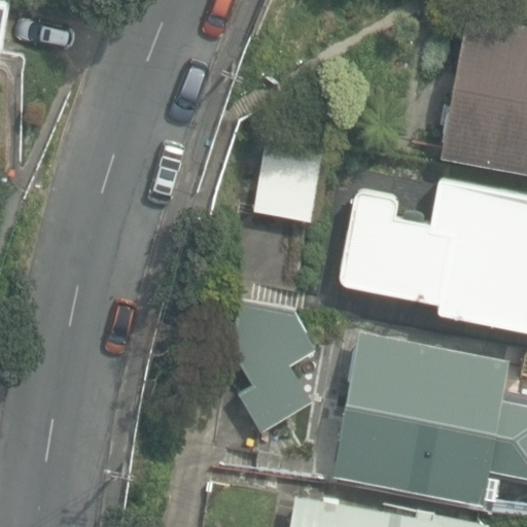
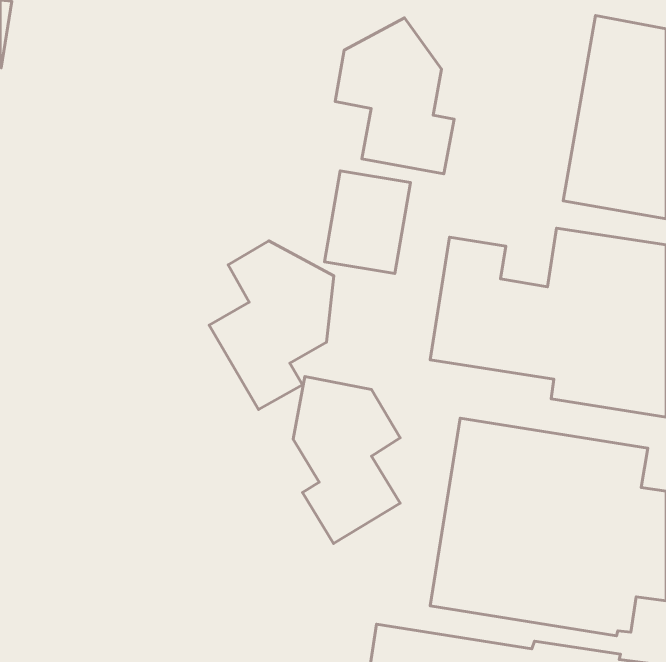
building: none -> [335,18,454,174]
building: none -> [209,241,334,410]

